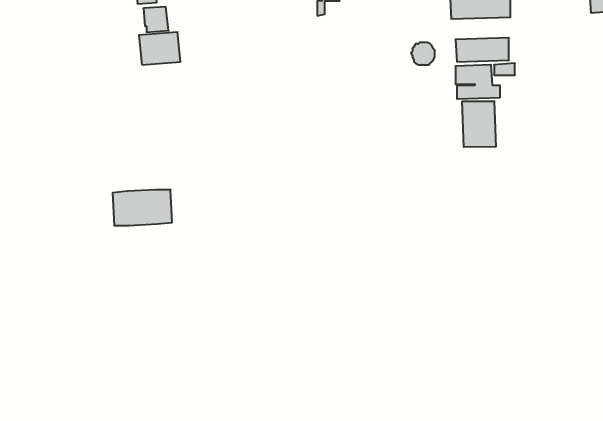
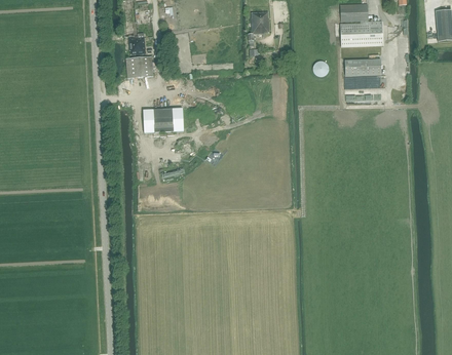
building: [462,101,496,147] -> none
building: [113,190,172,225] -> [143,108,184,132]

